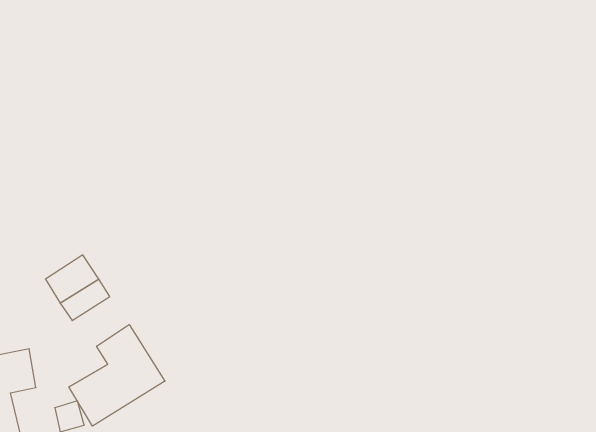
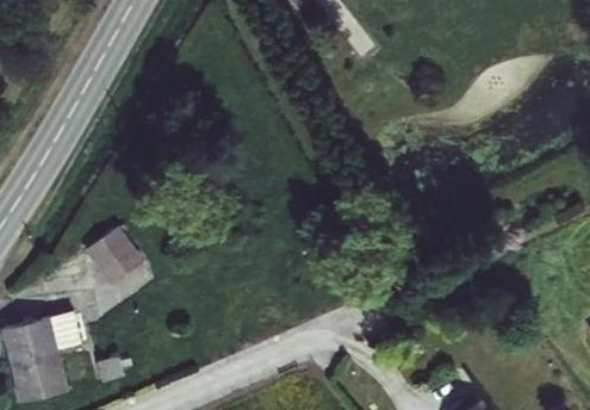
building: [69,325,165,426] -> none

